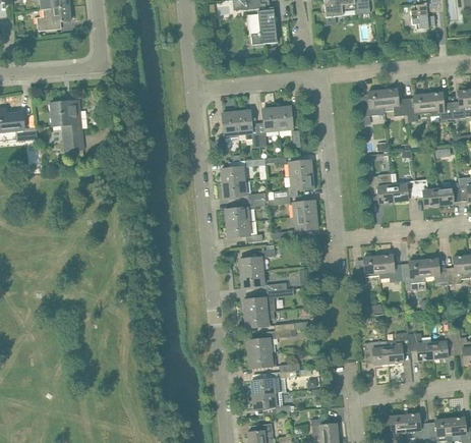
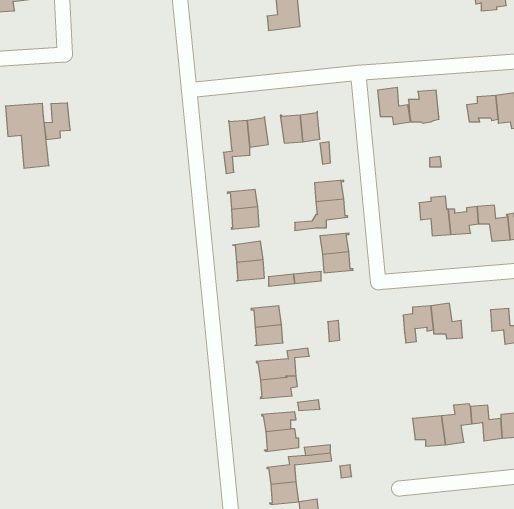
building: [381,88,407,116] -> [378,87,411,125]
building: none -> [44,103,70,140]
building: [401,259,425,282] -> none

